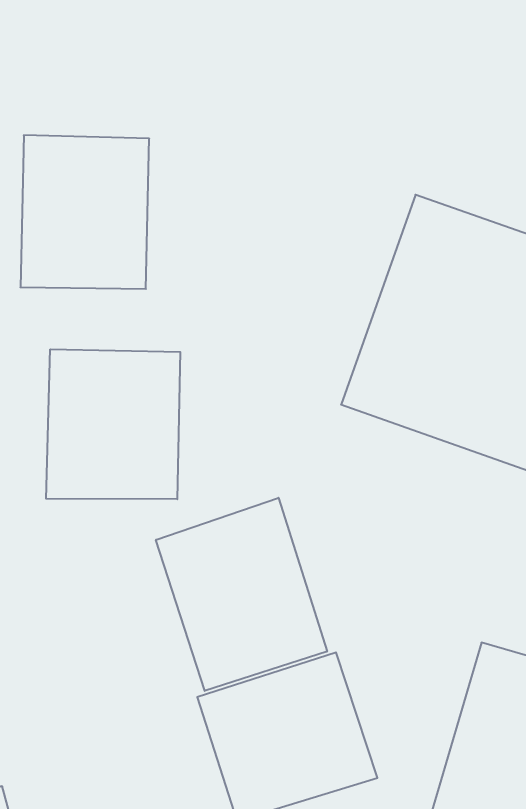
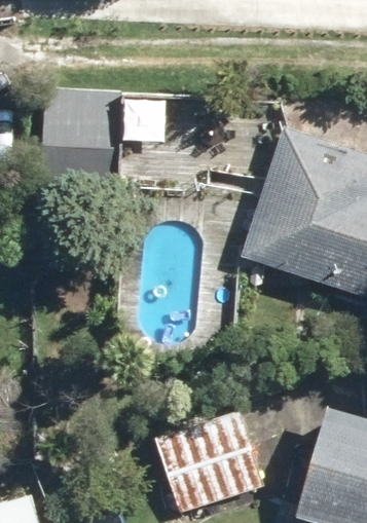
building: [46,349,180,499] -> none
building: [156,498,327,691] -> none

